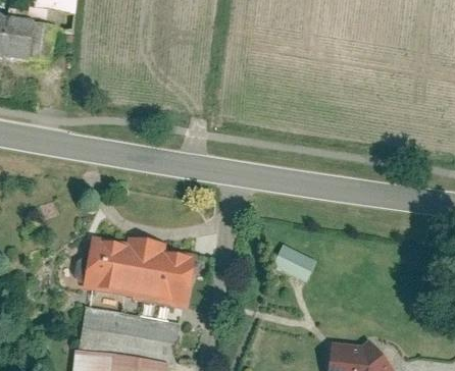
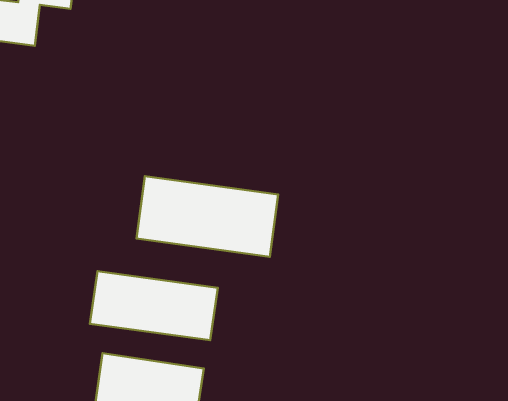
building: none -> [137,176,278,257]
building: [274,248,319,285] -> none

